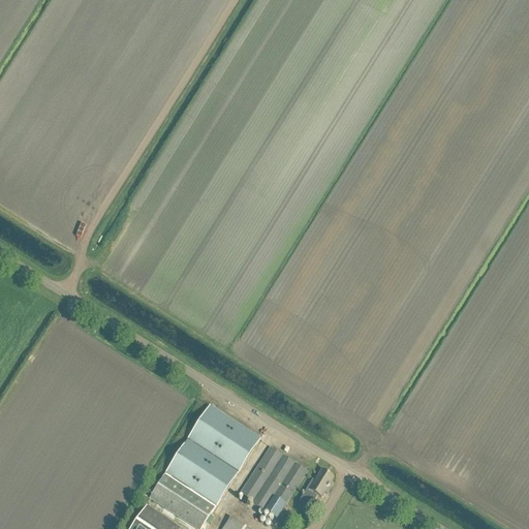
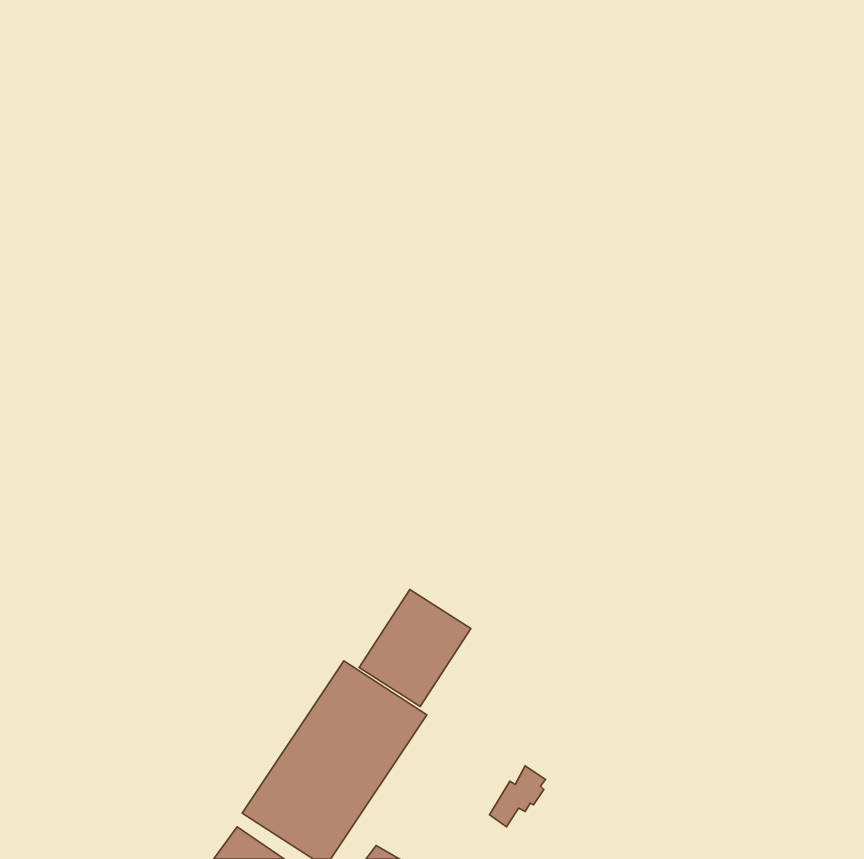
building: [238,445,306,517] -> [359,589,471,706]

